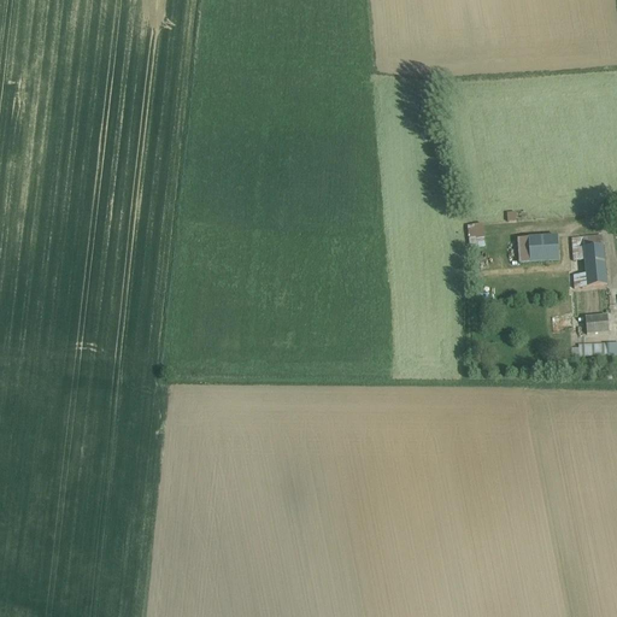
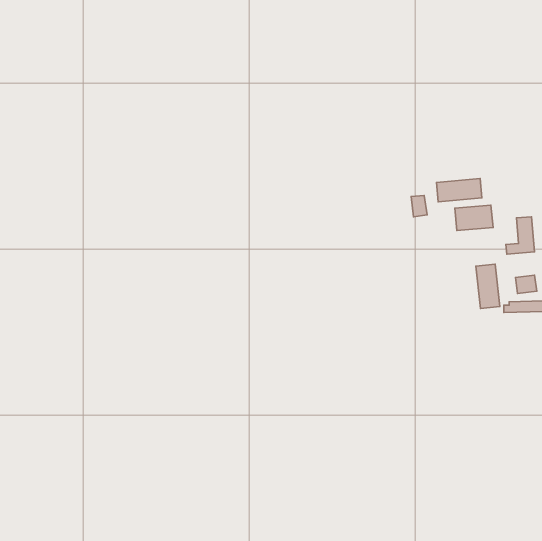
building: none -> [436,179,482,202]
building: none -> [476,264,500,309]

